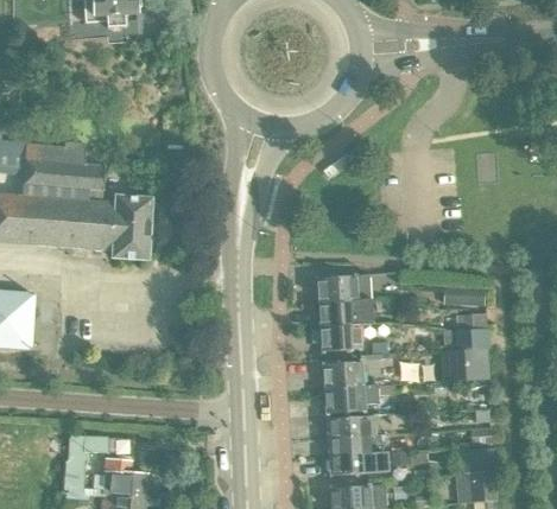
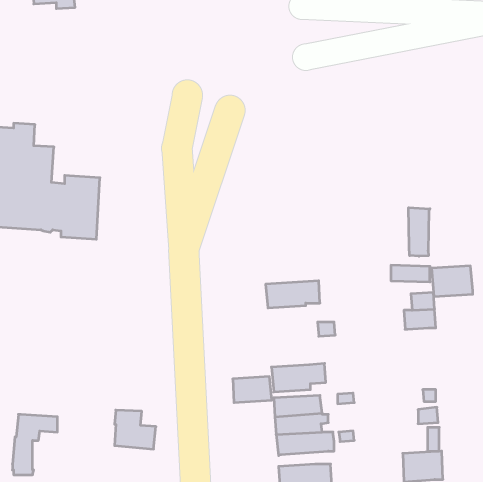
building: none -> [409,208,430,256]
building: [317,275,372,305] -> none
building: [321,326,360,354] -> none
building: [448,351,489,382] -> [431,266,473,297]
building: [323,362,362,388] -> [233,377,272,403]
building: [105,459,146,498] -> [115,410,156,449]

